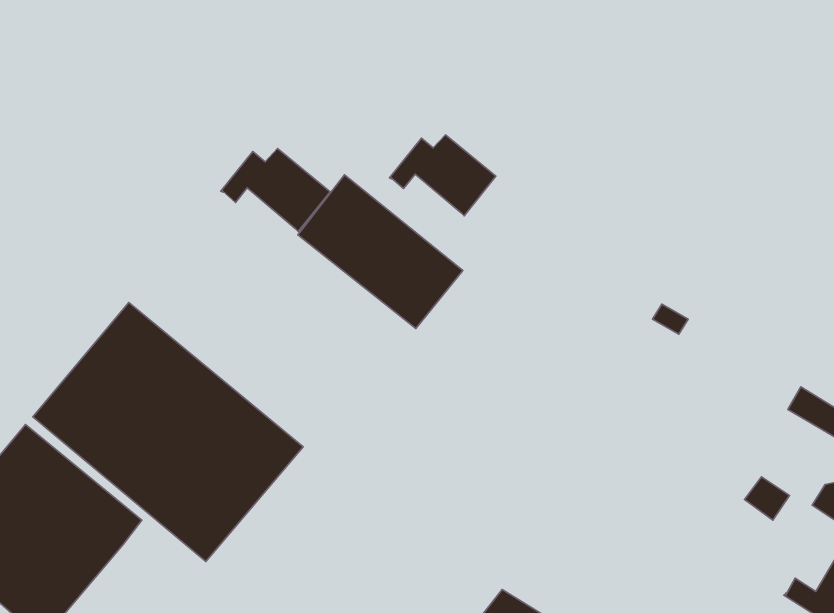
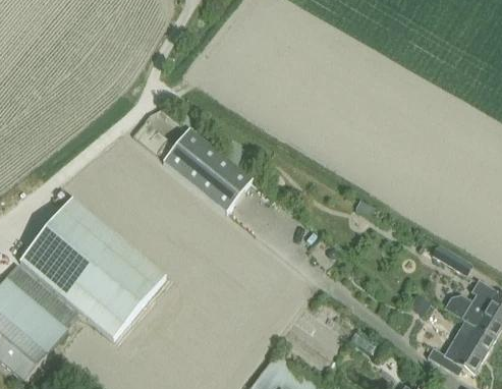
building: [390,135,496,216] -> none
building: [221,149,330,231] -> none

